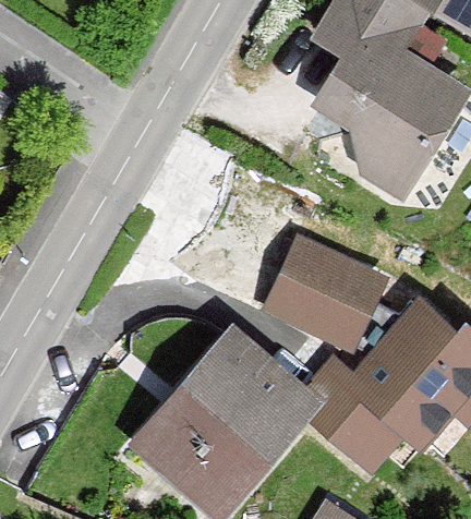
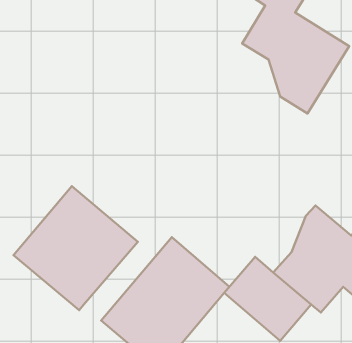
building: [275,250,398,360] -> none
building: none -> [14,186,138,310]

